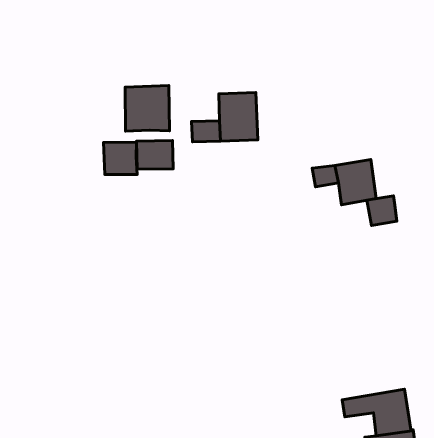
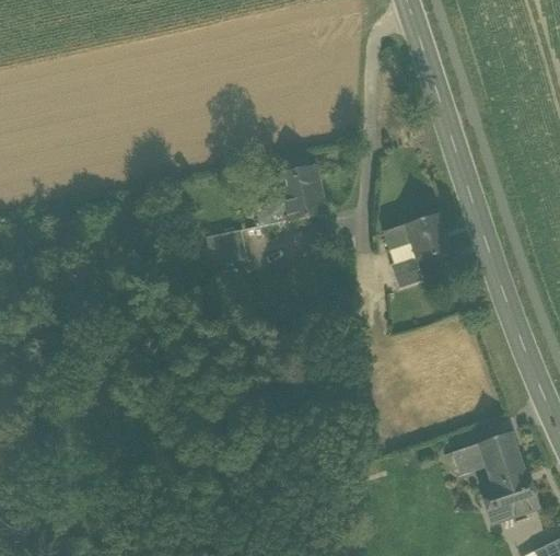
building: [125,85,169,131] -> none
building: [103,142,137,175] -> none
building: [367,196,397,226] -> [390,255,423,288]

